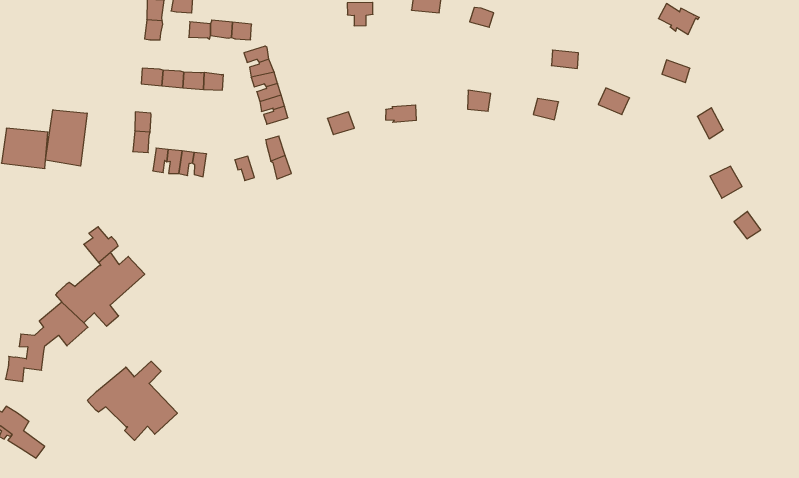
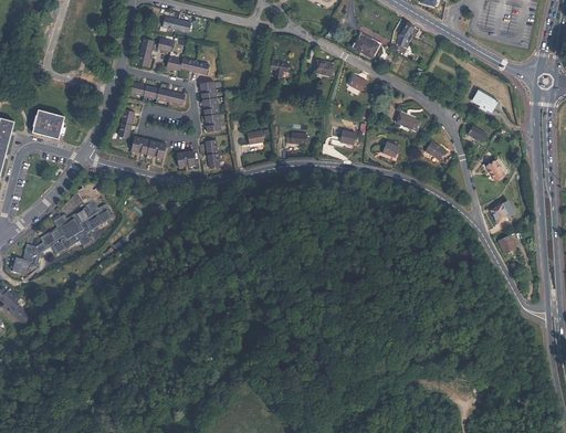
building: [46,110,87,166] -> none
building: [88,361,177,440] -> none

